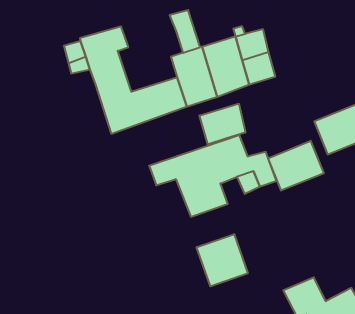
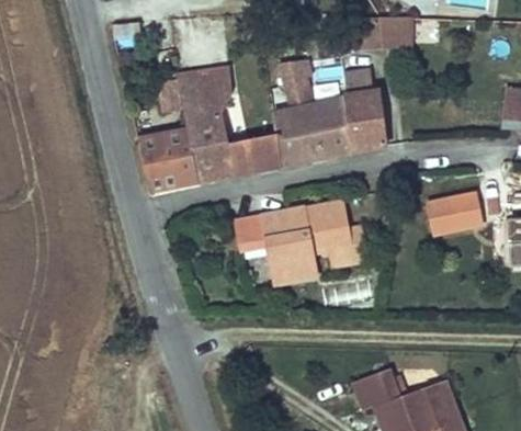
building: none -> [137,125,201,189]
building: [199,104,245,144] -> none
building: [268,141,324,191] -> none
building: [197,234,248,286] -> none

